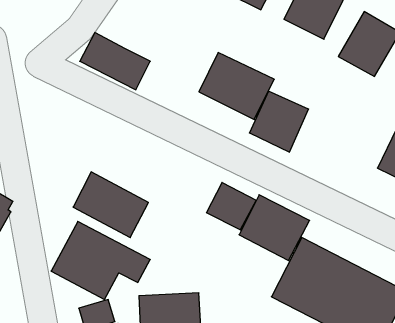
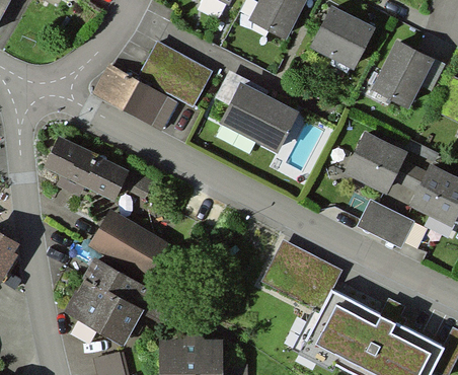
building: none -> [142,44,217,107]
building: [249,91,309,152] -> [346,132,408,197]
building: none -> [44,139,128,204]
building: none -> [357,198,415,246]
building: [207,182,256,230] -> none

